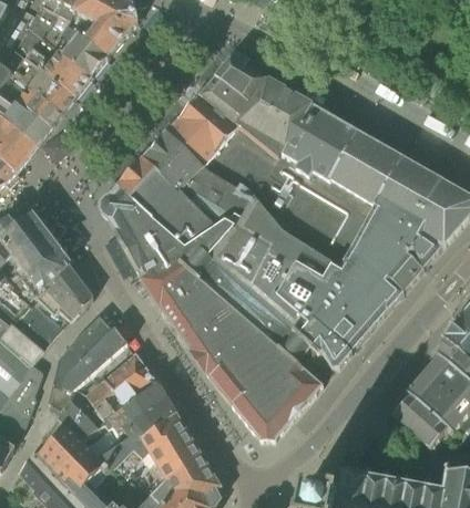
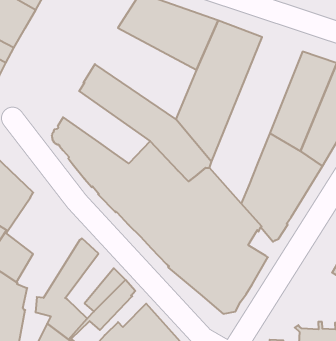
building: [165,93,279,208] -> none
building: [275,132,403,317] -> none
building: [119,157,213,249] -> none
building: [31,263,94,333] -> none
building: [53,313,113,385] -> none
building: [88,351,146,417] -> none
building: [119,395,176,439] -> none

